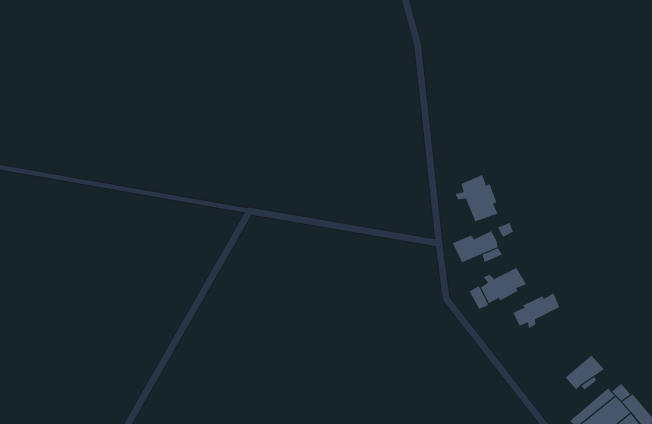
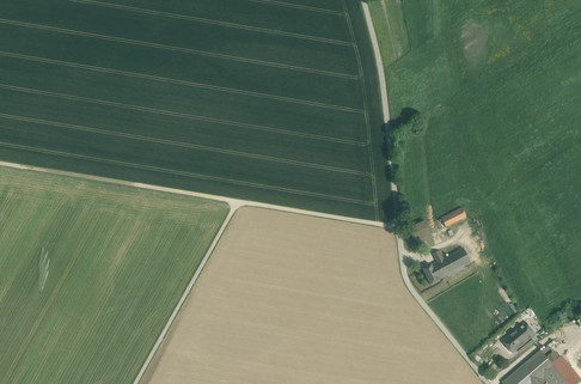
building: [455,174,498,222] -> none
building: [512,292,560,329] -> none

